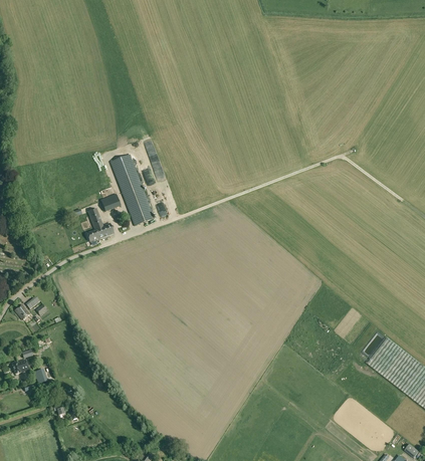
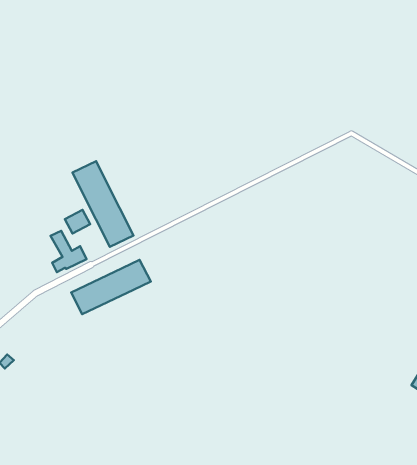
building: none -> [71,260,151,314]

